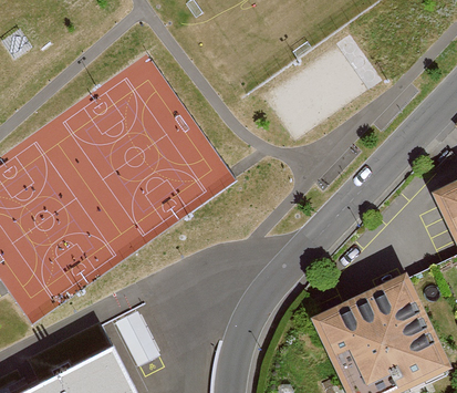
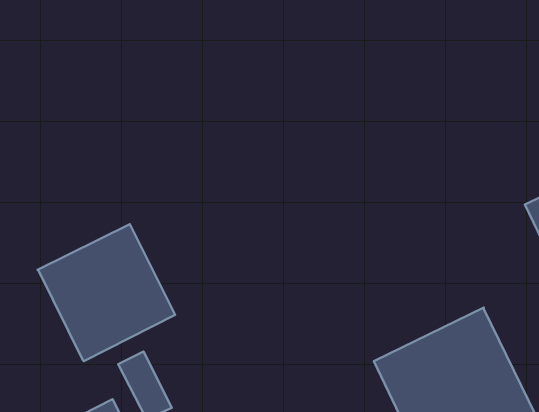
building: none -> [38,224,175,361]

